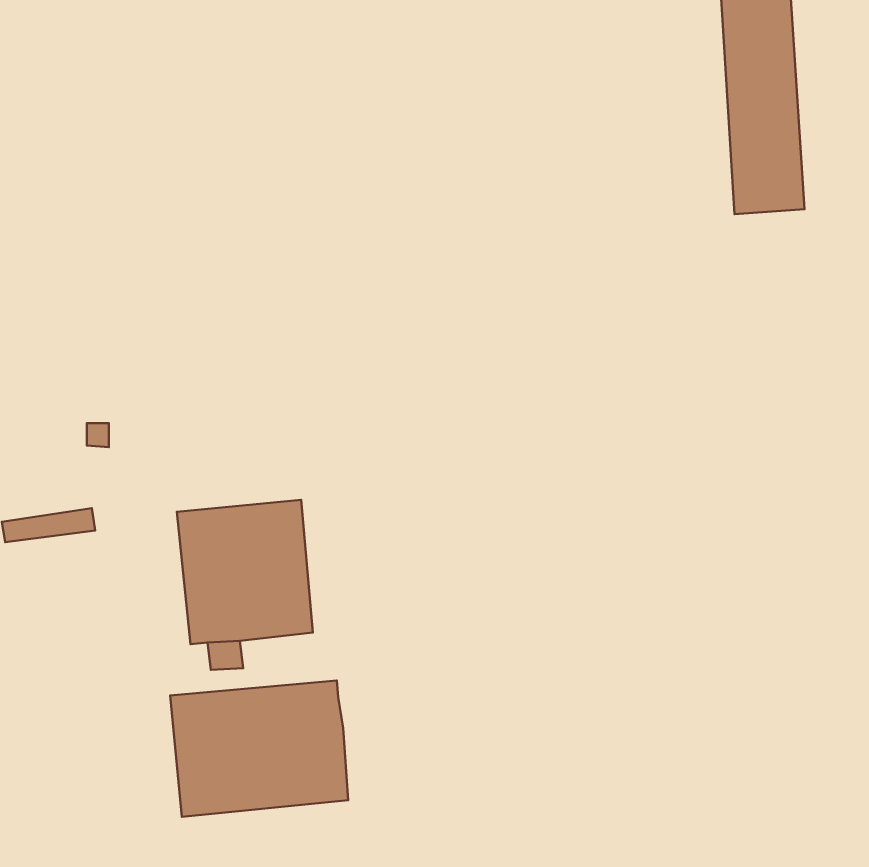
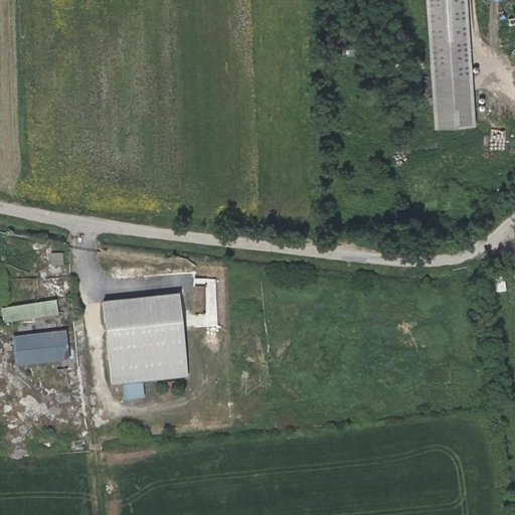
building: none -> [13,331,66,364]
building: [170,680,348,817] -> none

